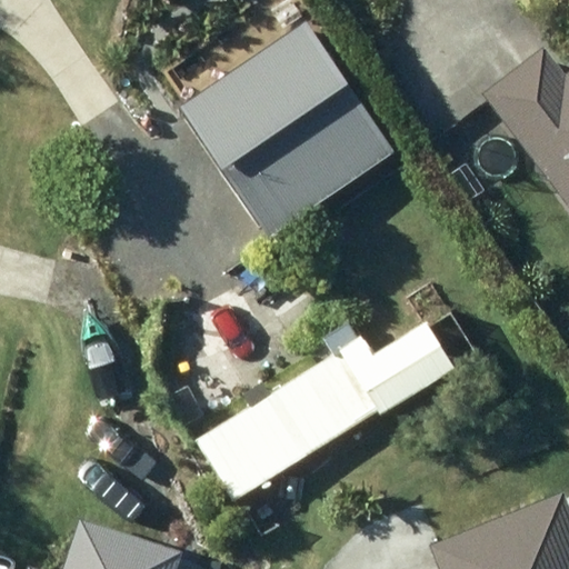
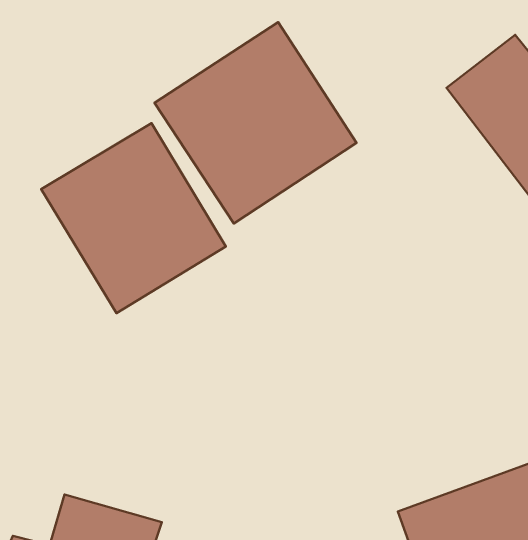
building: none -> [41,123,226,313]
building: [202,318,461,499] -> none

